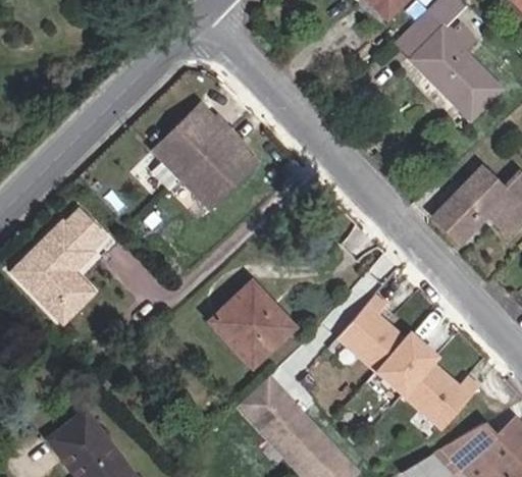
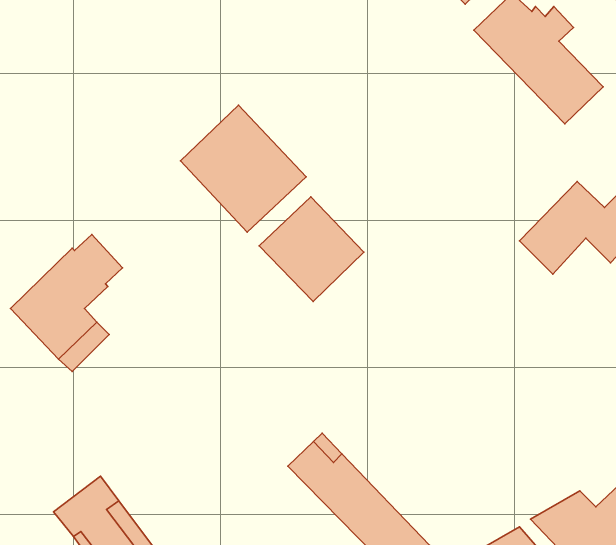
building: [208,281,295,368] -> [259,197,364,301]
building: [337,296,477,429] -> none

